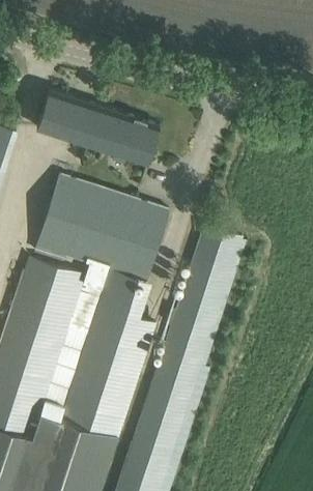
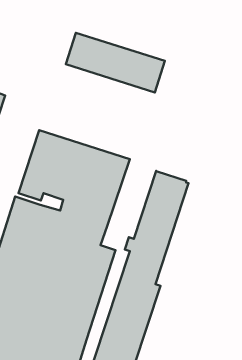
building: [35,90,159,165] -> [66,33,165,92]

